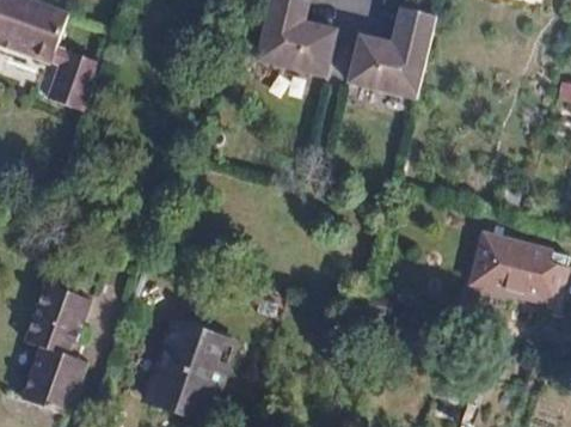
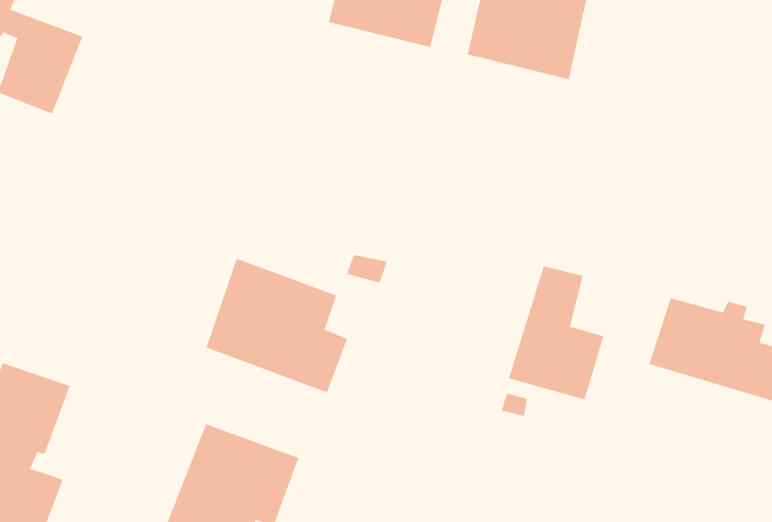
building: none -> [206,258,348,393]
building: none -> [508,265,604,400]

